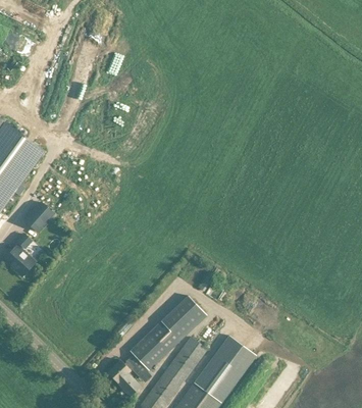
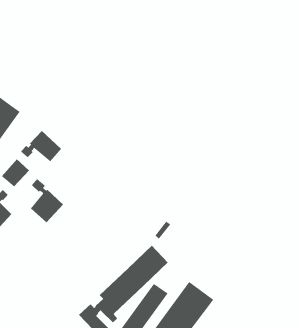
building: none -> [20,130,62,162]
building: none -> [30,178,64,223]

